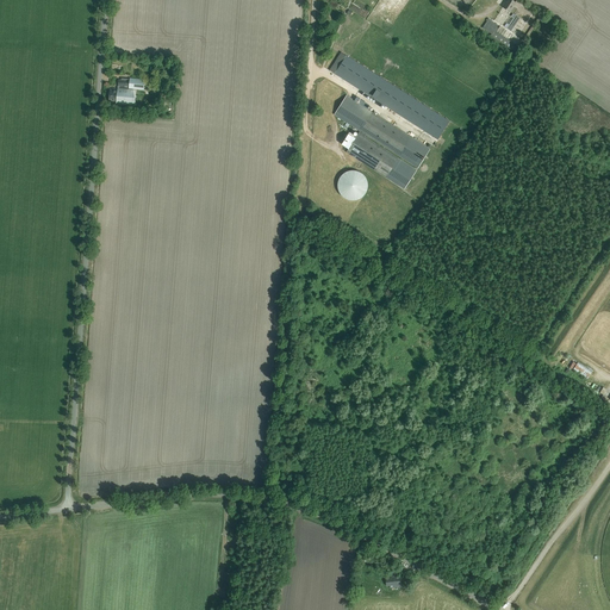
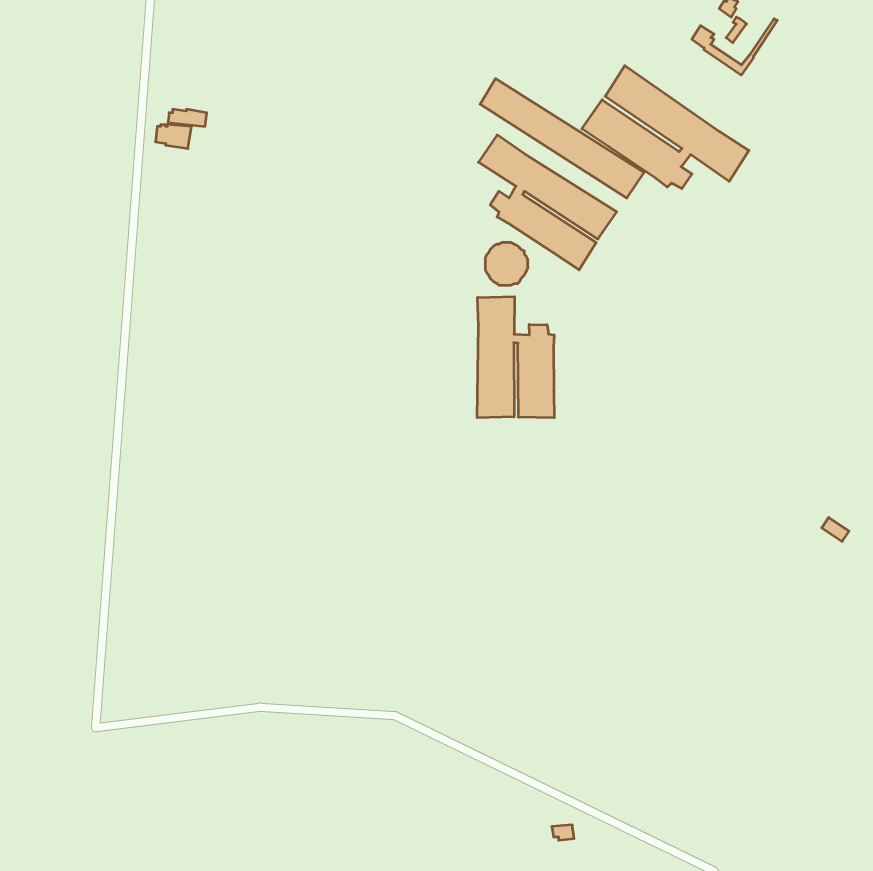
building: none -> [582,66,749,189]
building: none -> [477,297,554,418]

